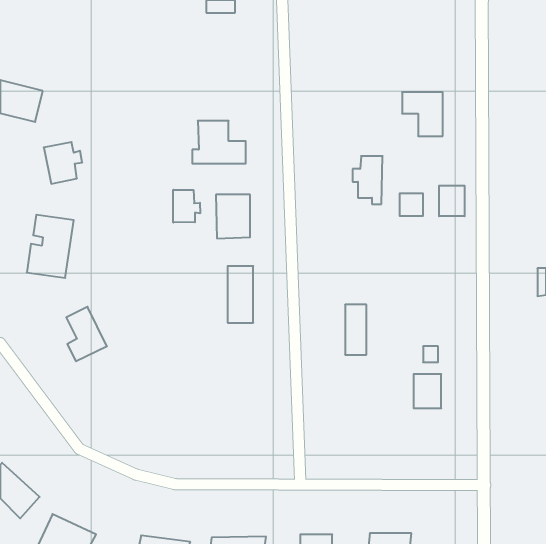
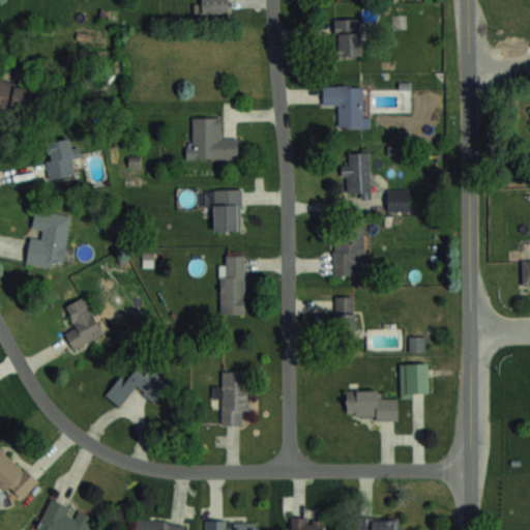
building: none -> [336,21,361,56]
building: [402,92,443,136] -> [323,86,362,128]
building: [439,186,465,216] -> none
building: [173,190,200,223] -> none
building: none -> [335,228,362,276]
building: none -> [120,360,163,401]
building: none -> [213,373,248,425]
building: none -> [346,391,396,419]

